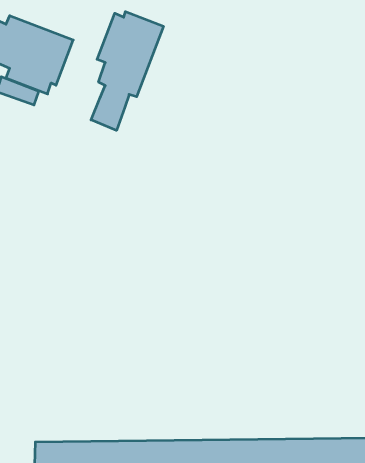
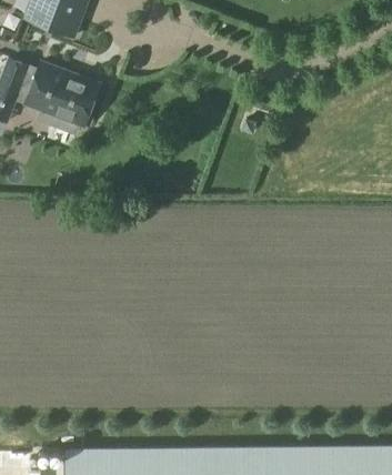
building: [91,12,163,130] -> none

